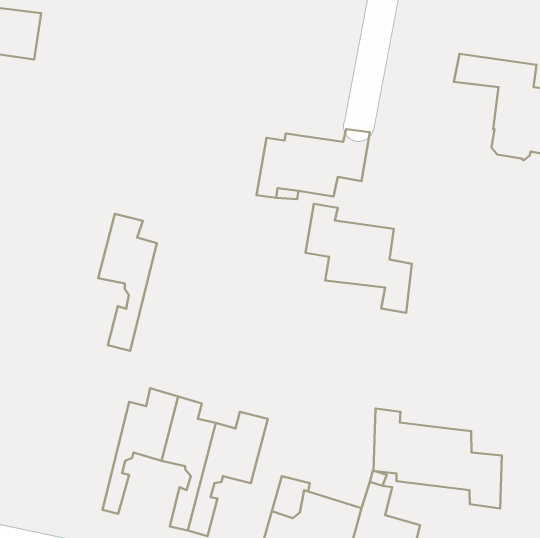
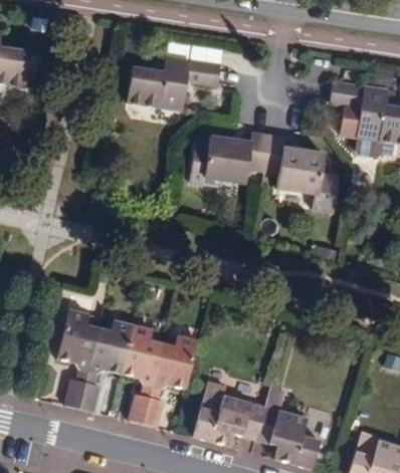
building: none -> [128,53,223,107]
building: [306,204,412,313] -> [264,136,341,214]
building: [98,214,157,351] -> [55,308,97,407]
building: [373,409,502,509] -> none

